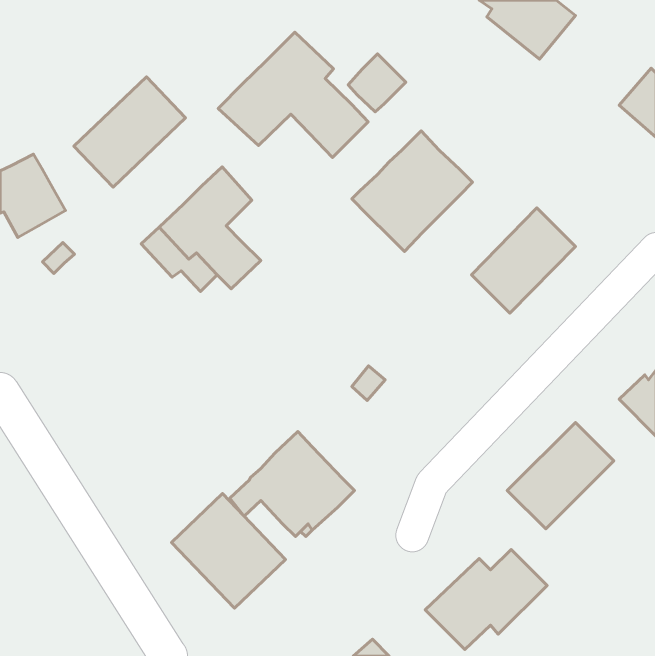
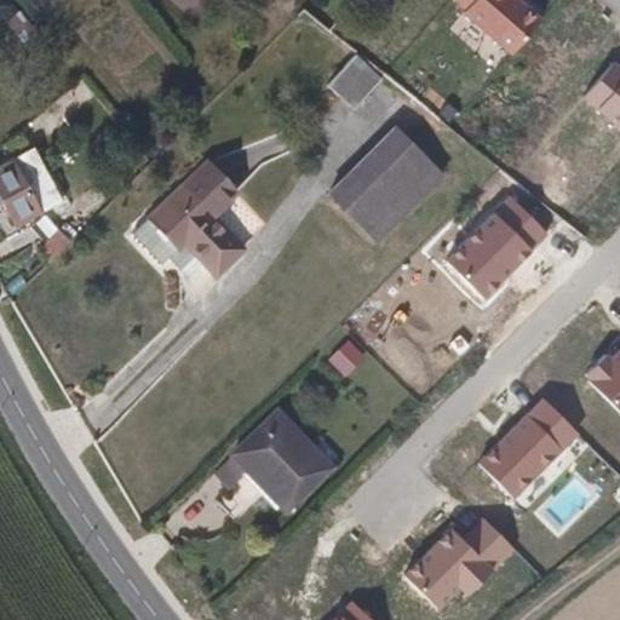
building: [218,32,368,158] -> none
building: [74,77,186,187] -> none
building: [171,494,286,608] -> none

